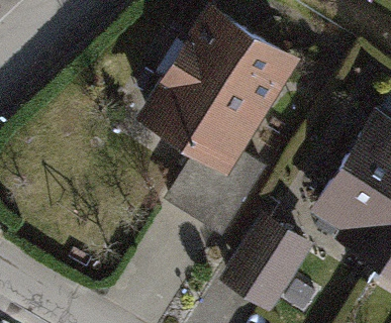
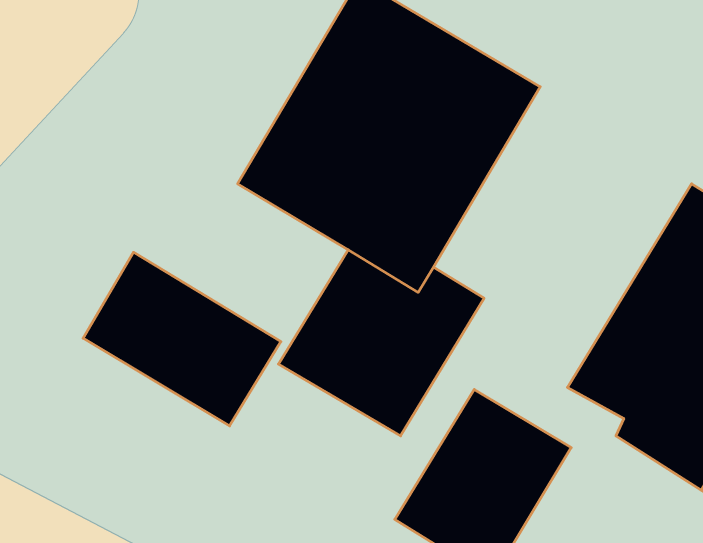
building: none -> [83,252,281,426]

